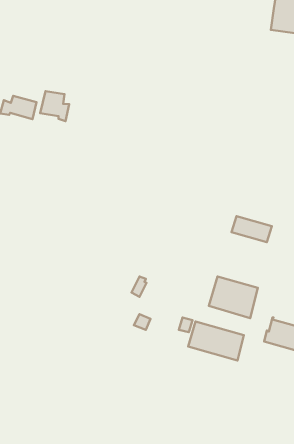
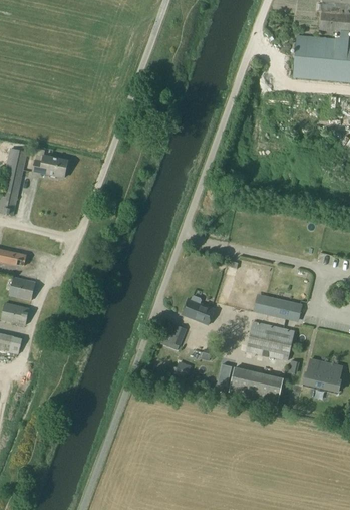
building: [40,91,69,121] -> none
building: [232,216,272,242] -> [261,296,300,320]
building: none -> [182,295,215,324]

